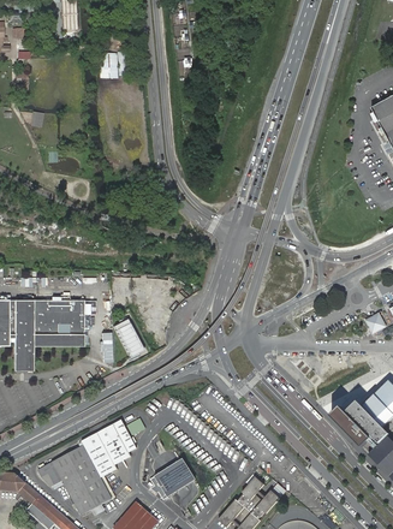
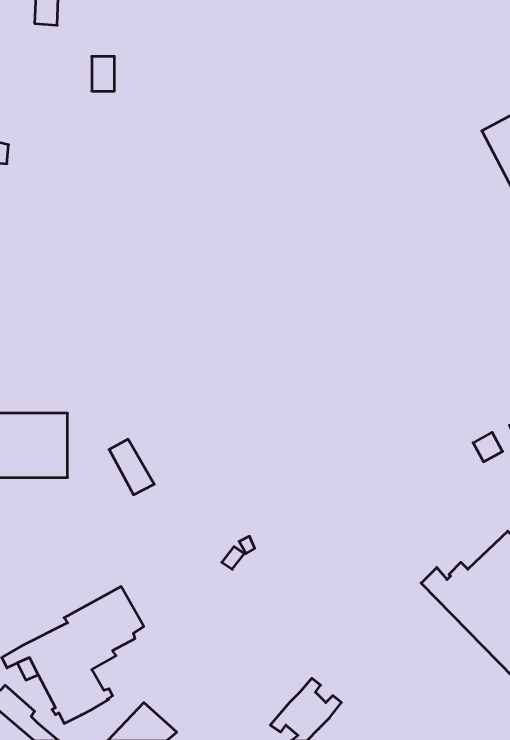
building: [150,458,196,500] -> none

